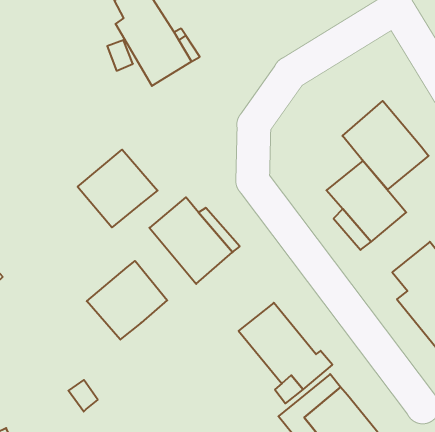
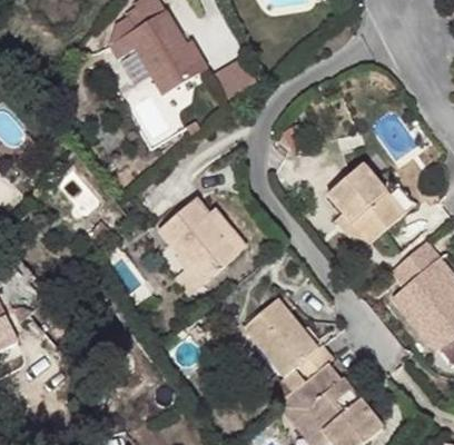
building: [342,101,429,190] -> none
building: [78,150,158,227] -> none
building: [87,261,167,340] -> none

